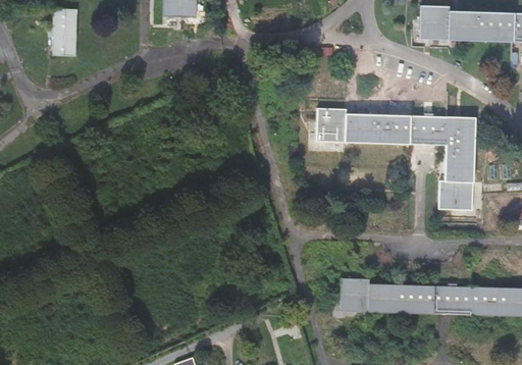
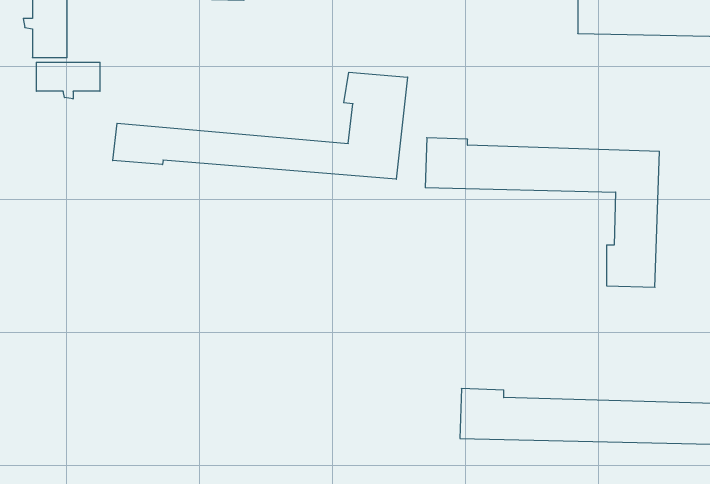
building: none -> [36,62,100,99]
building: none -> [113,72,408,179]

